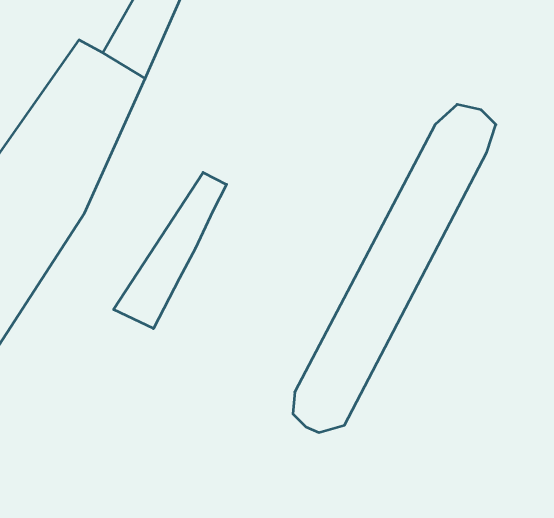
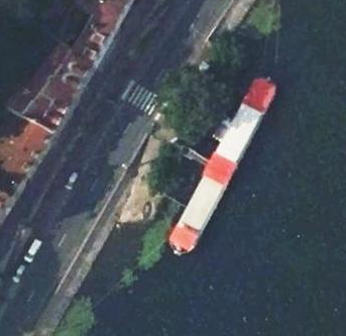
building: [114,172,227,329] -> none

